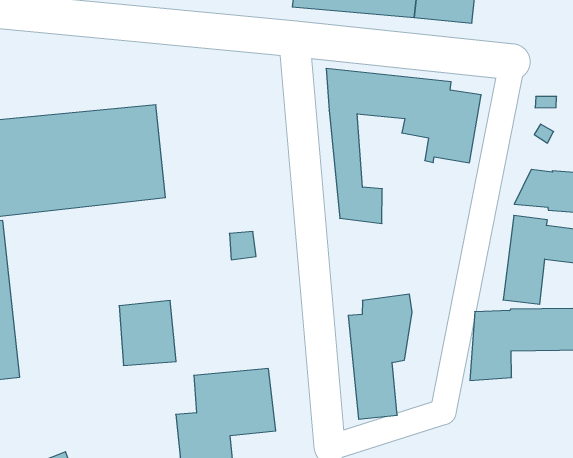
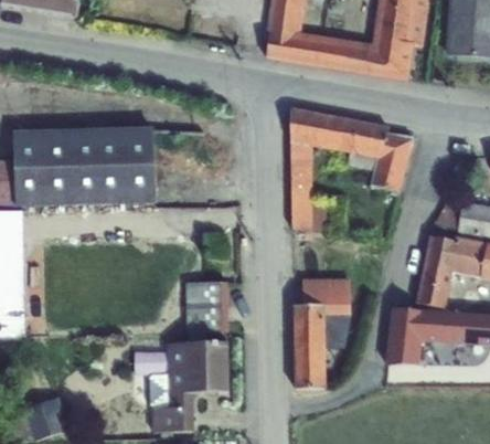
building: [119,301,176,365] -> [187,281,228,329]

